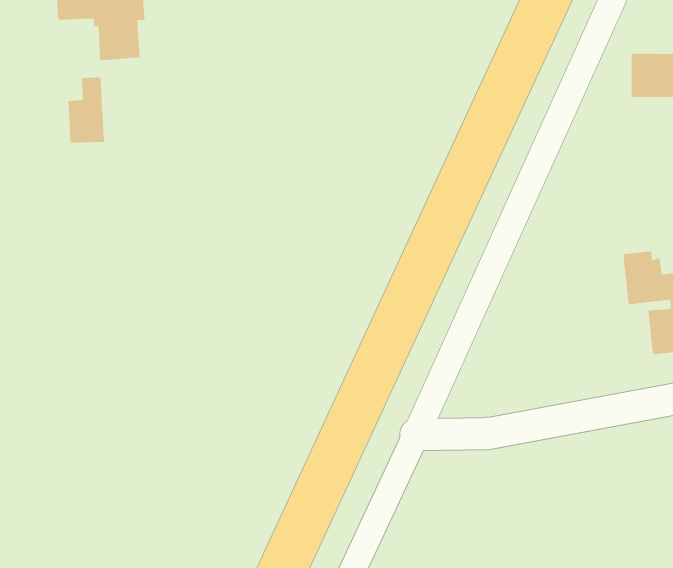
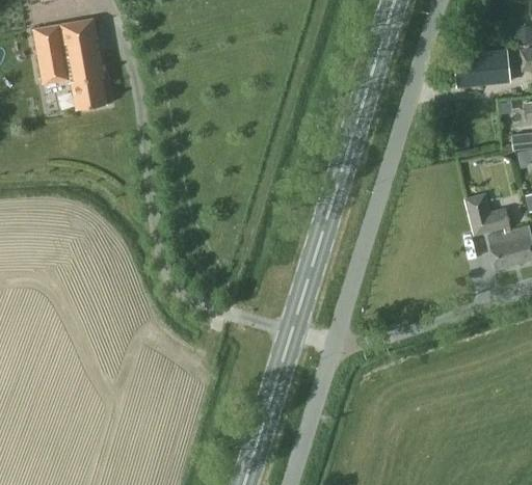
building: [68,77,104,144] -> none

